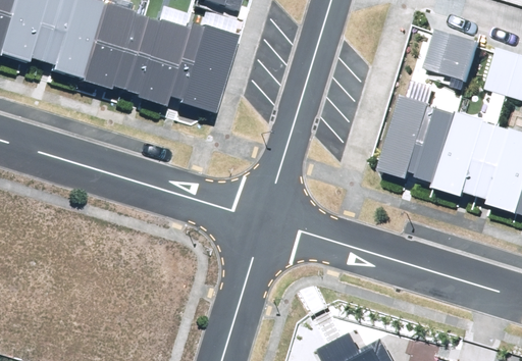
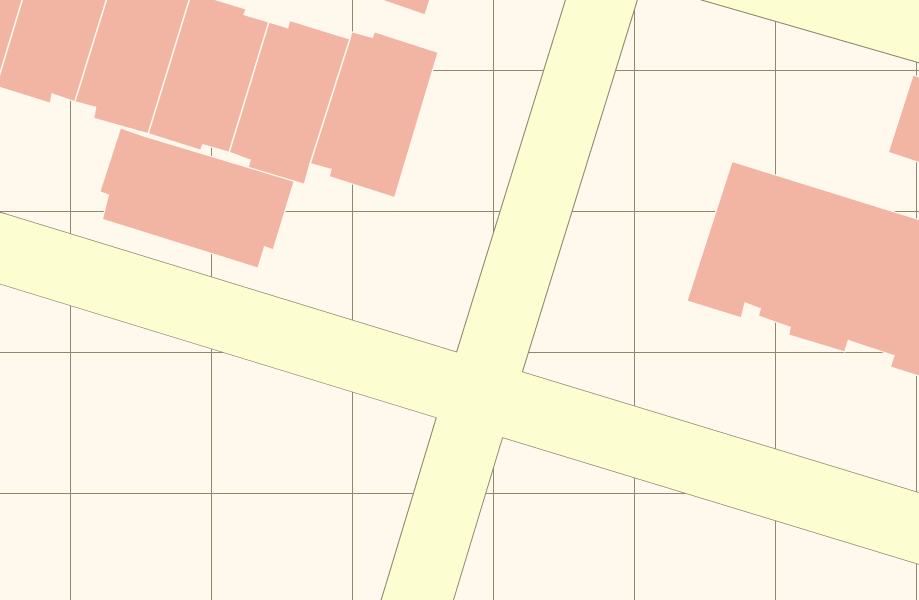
building: [422,28,479,81] -> none
building: none -> [100,128,294,268]

